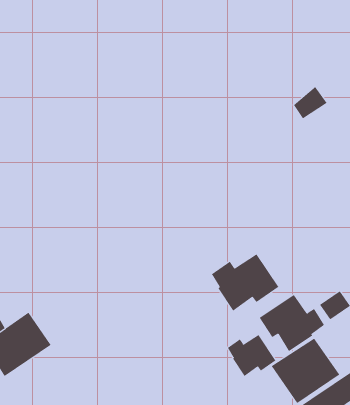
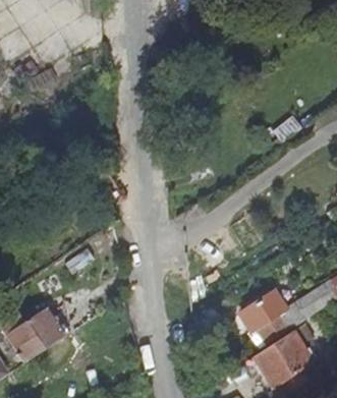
building: [211,253,279,311] -> none
building: [227,334,276,377] -> none

